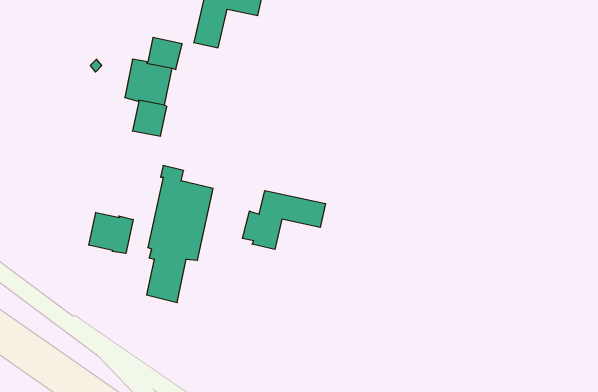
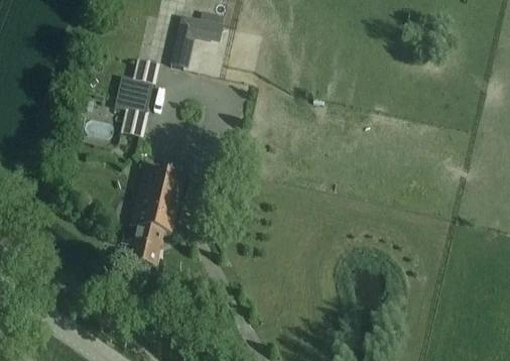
building: [242,191,326,249] -> none
building: [89,212,133,253] -> none

